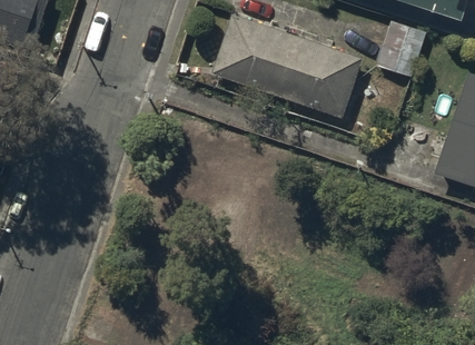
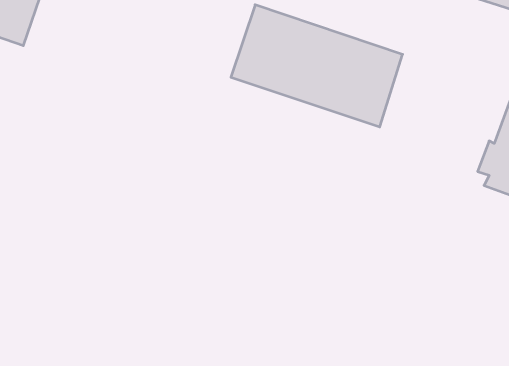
building: [377,20,427,77] -> none

